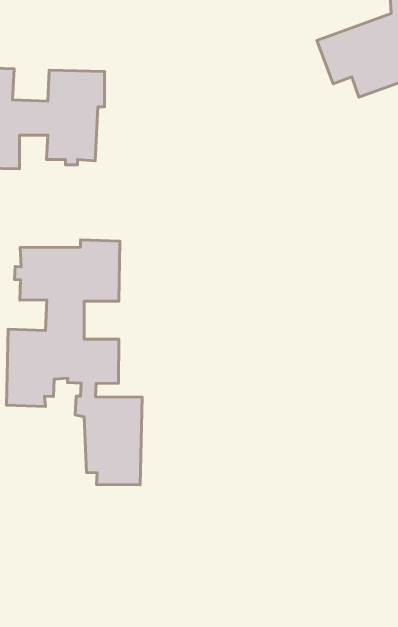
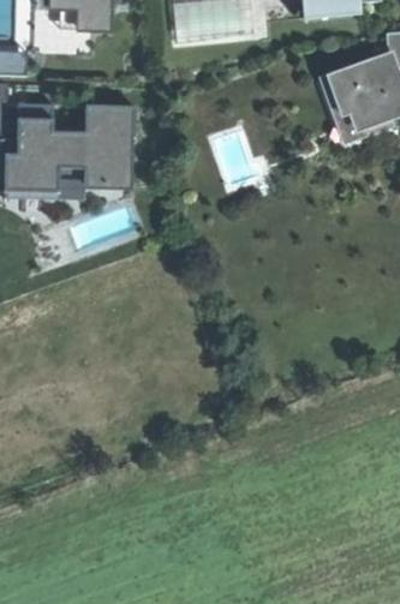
building: [7,240,142,485] -> none

